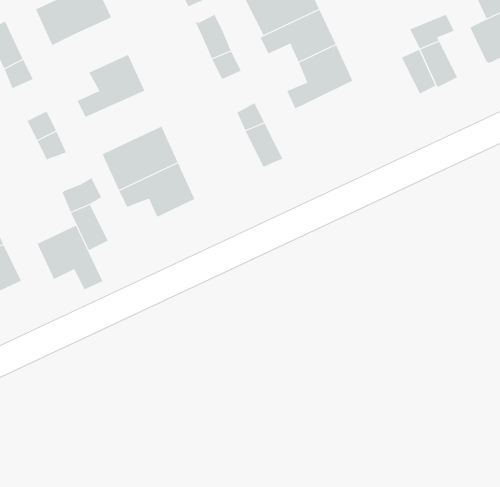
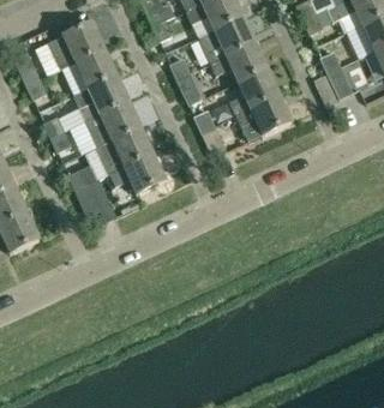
building: none -> [74,47,115,86]
building: none -> [235,92,290,132]
building: none -> [84,100,139,145]
building: [37,225,103,290] -> none

